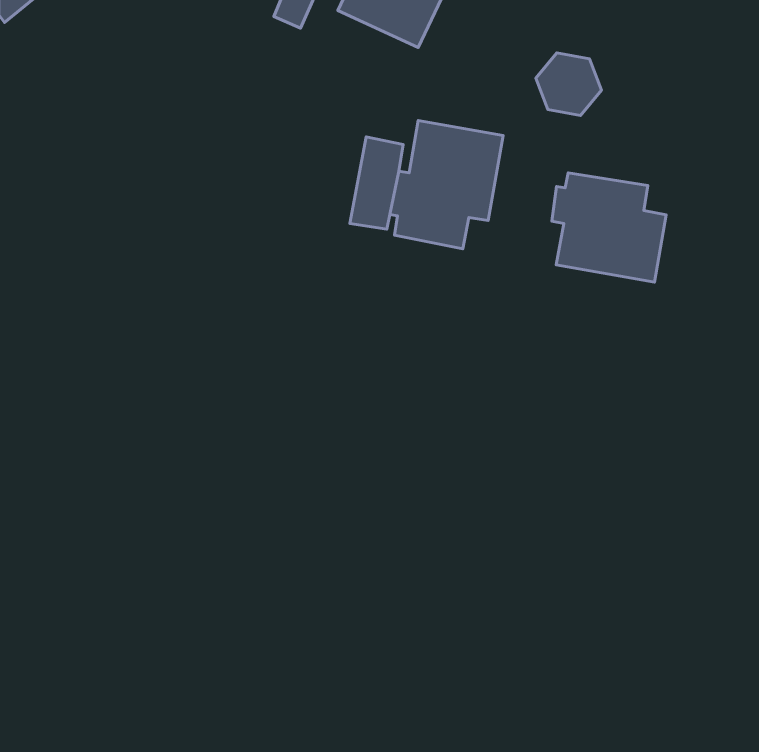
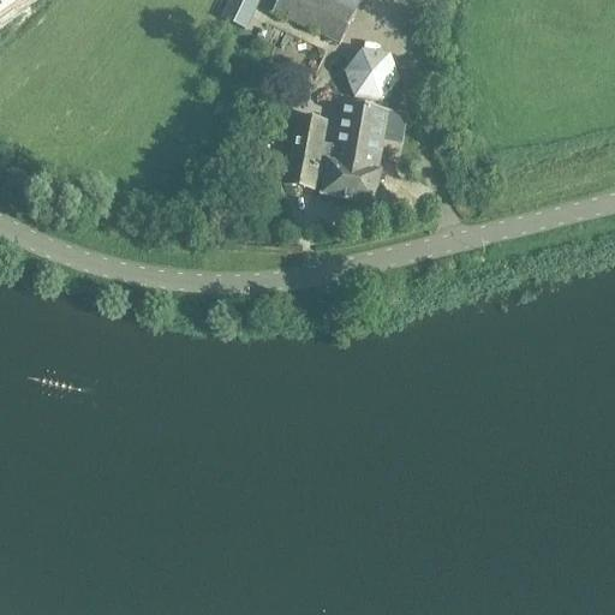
building: [536,53,601,115] -> [346,47,399,97]
building: [552,173,666,282] -> none

